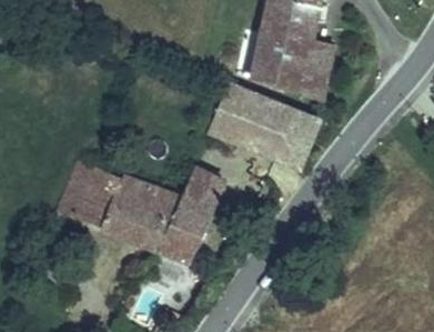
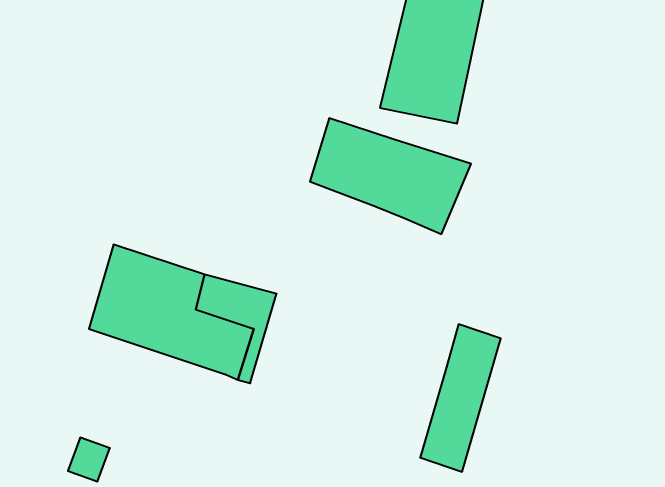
building: [296,50,339,94] -> none
building: [165,167,216,260] -> [420,324,501,472]

